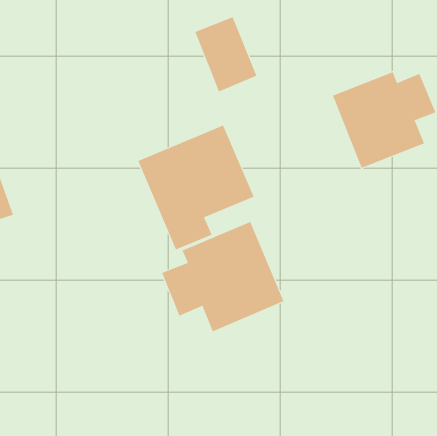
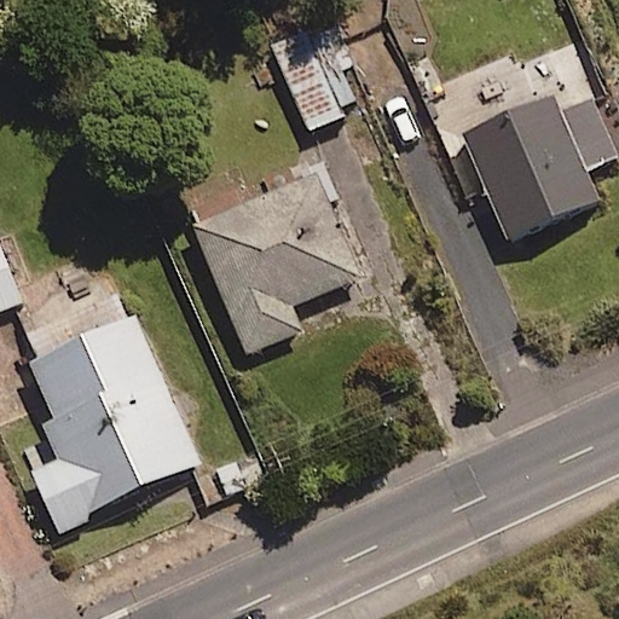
building: [161,221,284,332] -> none
building: none -> [23,314,197,525]

